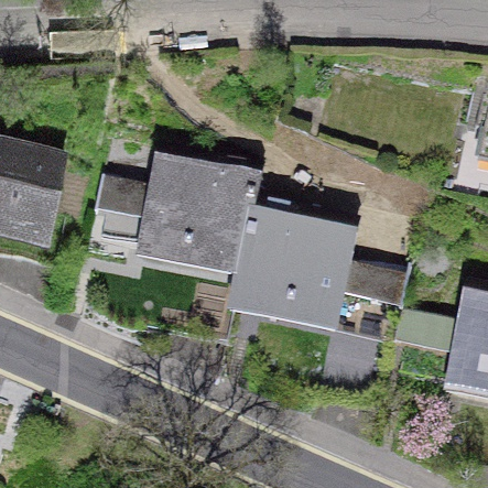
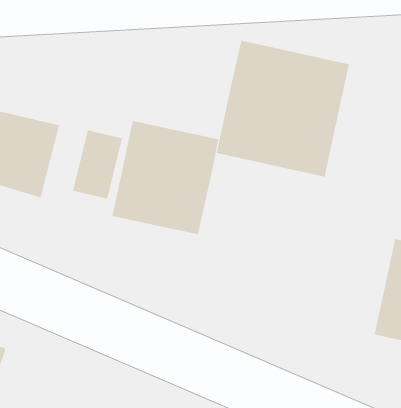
building: none -> [216,40,349,177]
building: [228,209,357,337] -> none

